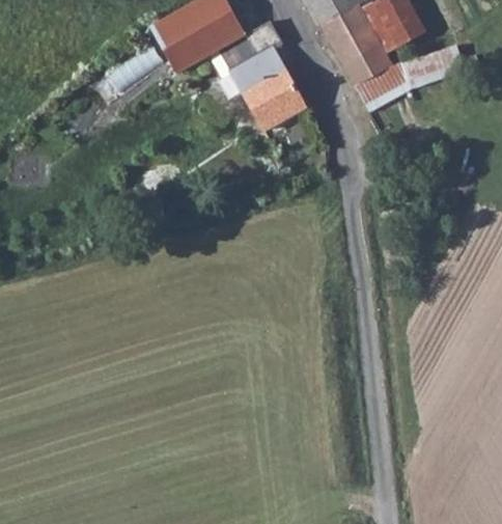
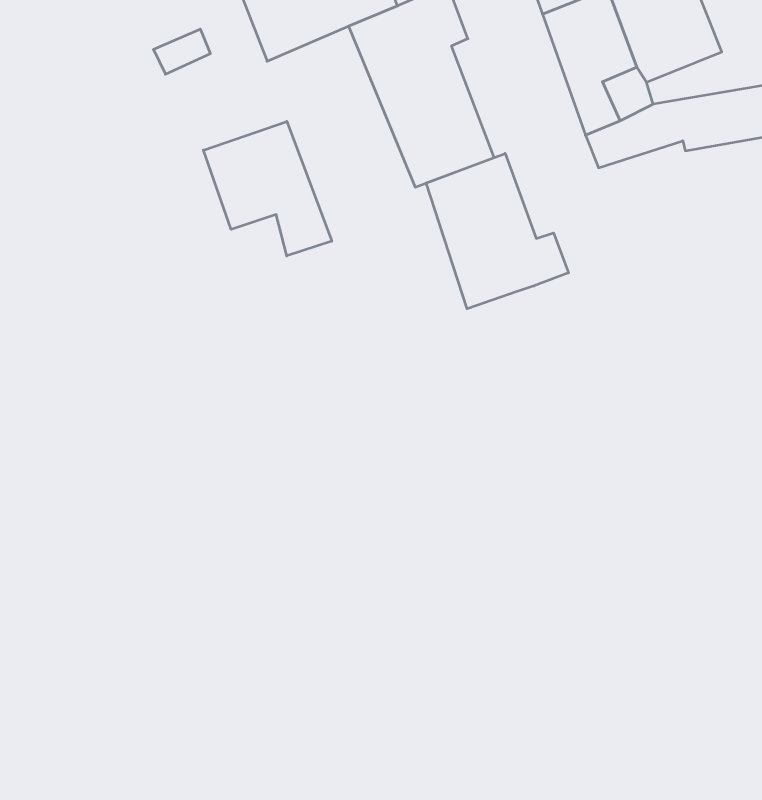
building: none -> [203,121,332,256]
building: none -> [426,153,568,309]

